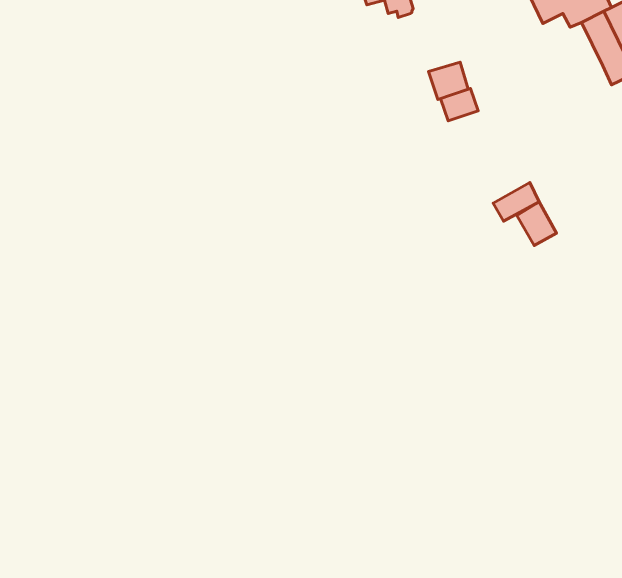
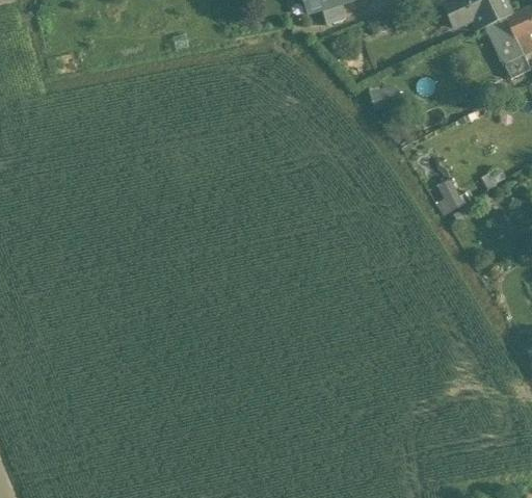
building: [429,62,468,99] -> none
building: [493,183,539,221] -> none

